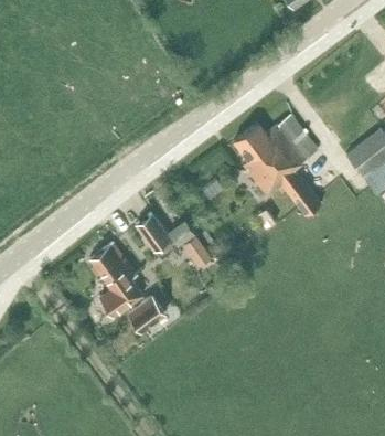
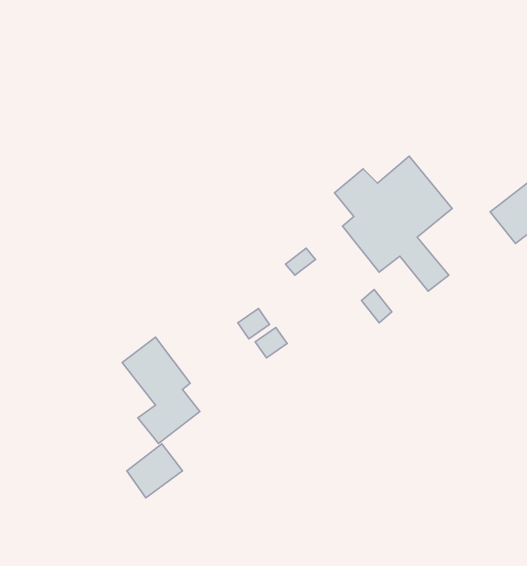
building: [135,213,171,252] -> none
building: [128,296,167,333] -> [127,444,182,498]

